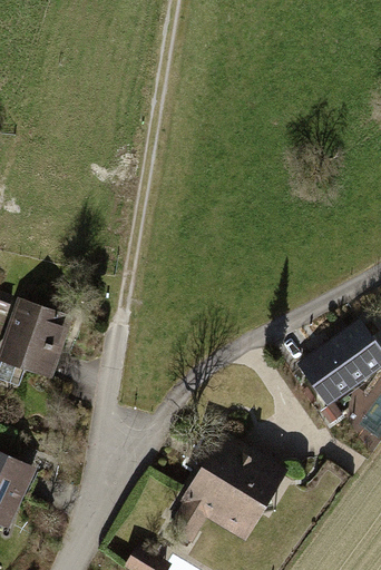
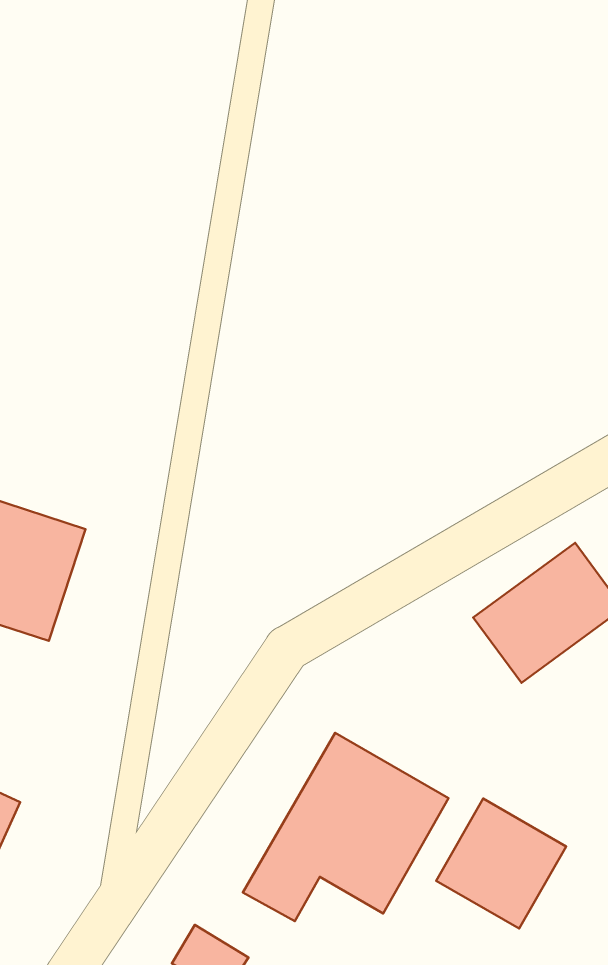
building: none -> [436,799,566,929]

